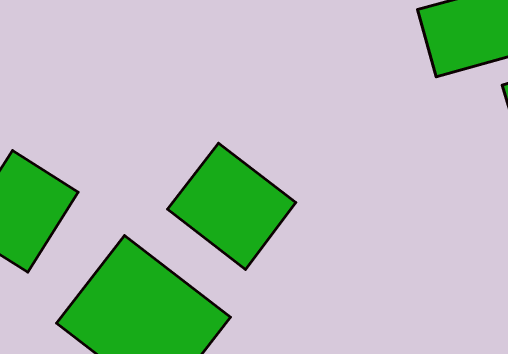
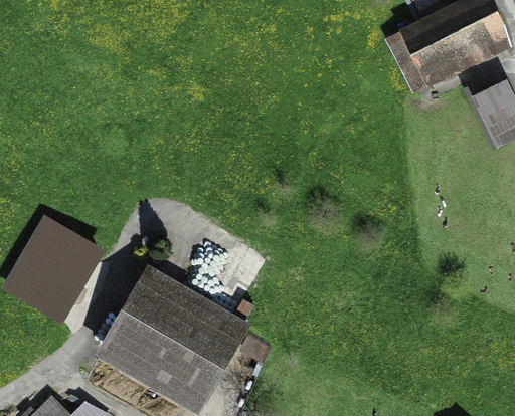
building: [167,143,296,270] -> none

